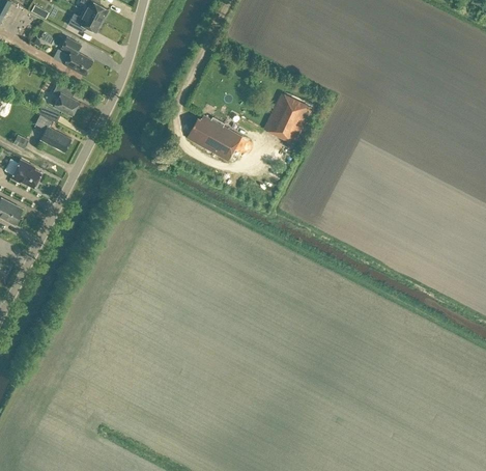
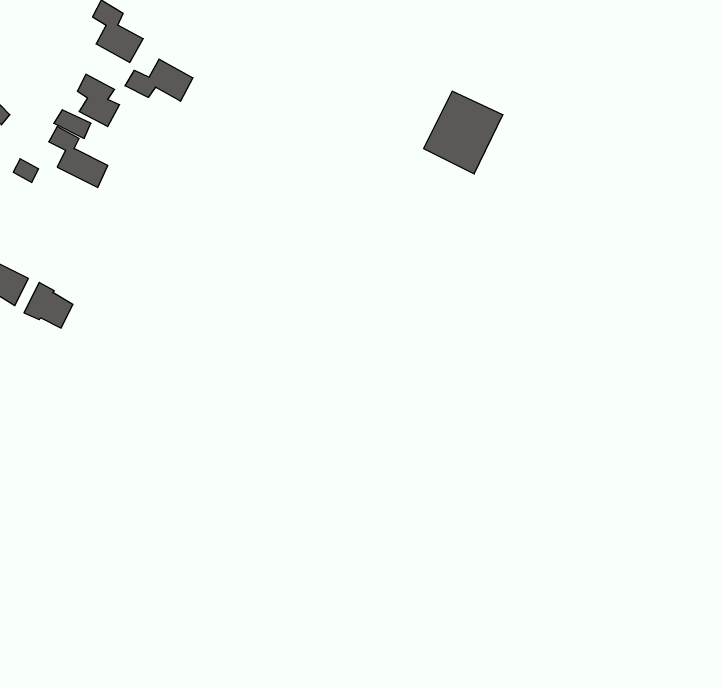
building: none -> [125,59,193,101]
building: [187,115,242,161] -> none
building: [10,159,40,187] -> [24,282,73,328]

